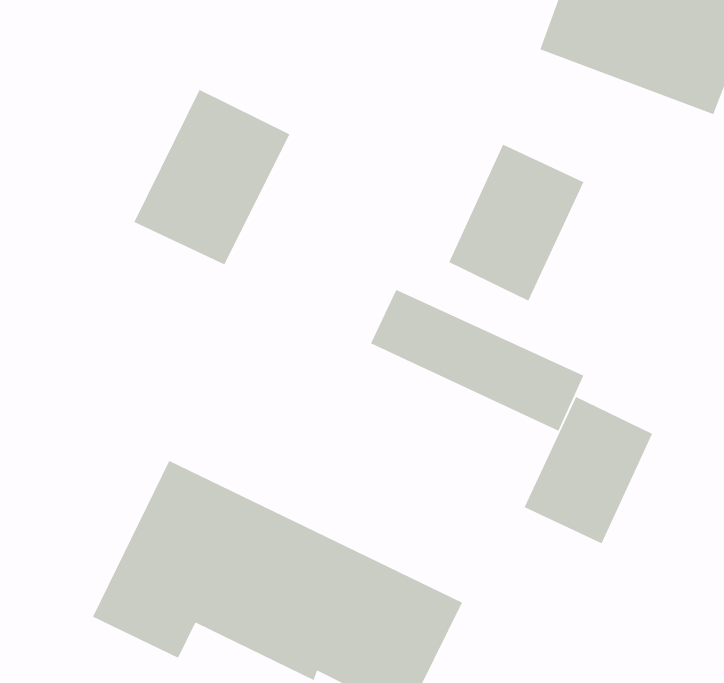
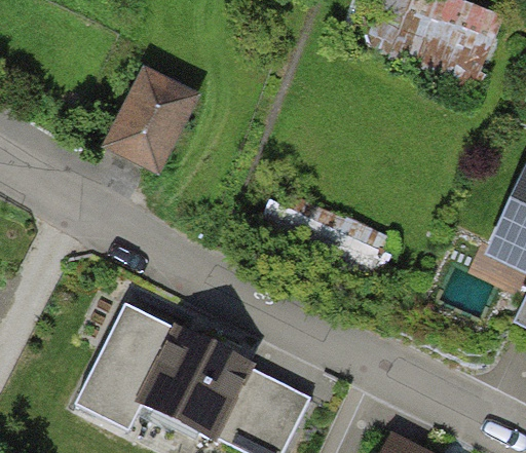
building: [448,144,584,301] -> none
building: [524,396,653,544] -> none

